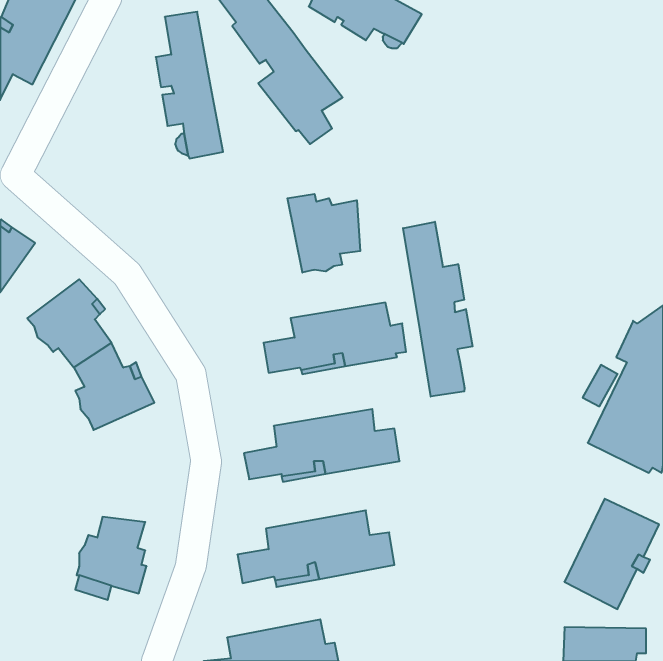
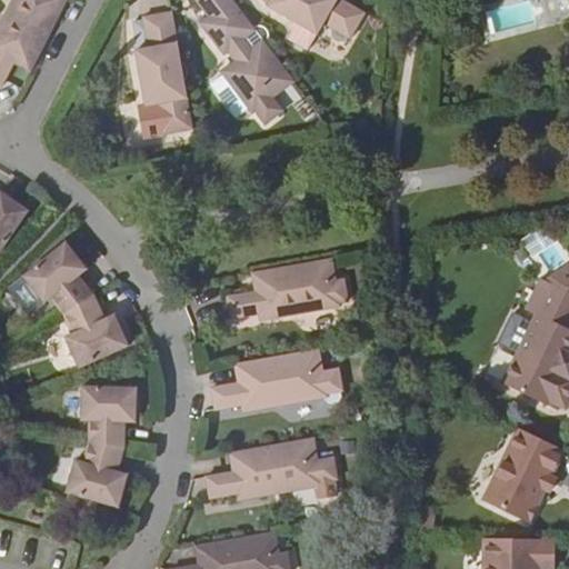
building: [287,194,360,273] -> none
building: [403,222,473,397] -> none
building: none -> [79,383,139,447]

